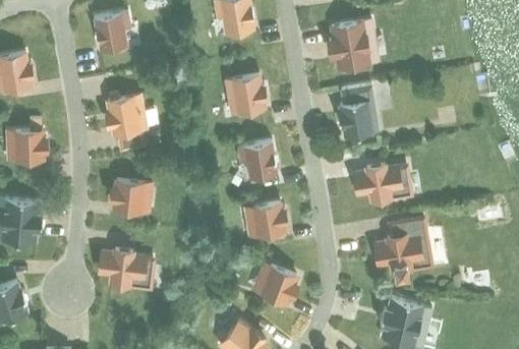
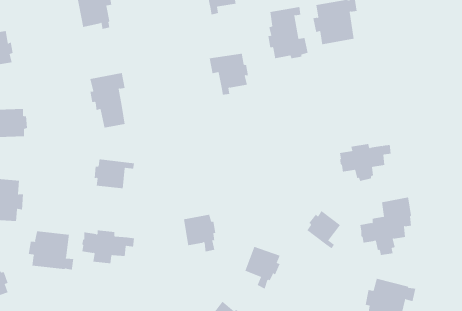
building: [338,85,379,137] -> [267,7,308,59]
building: [237,142,277,184] -> none
building: [252,203,285,241] -> [183,214,216,252]
building: none -> [306,210,341,249]
building: none -> [28,230,74,271]

